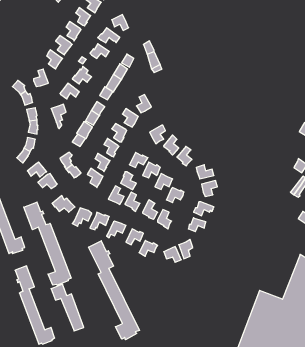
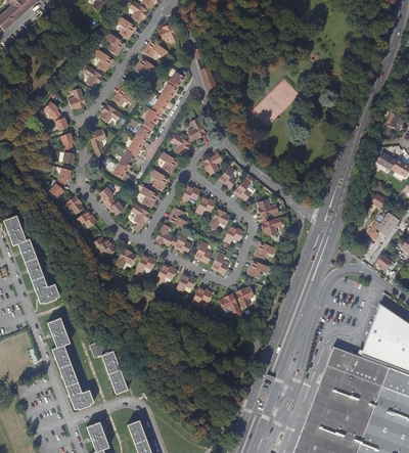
building: [24,202,71,285] -> none
building: [89,241,139,340] -> none

